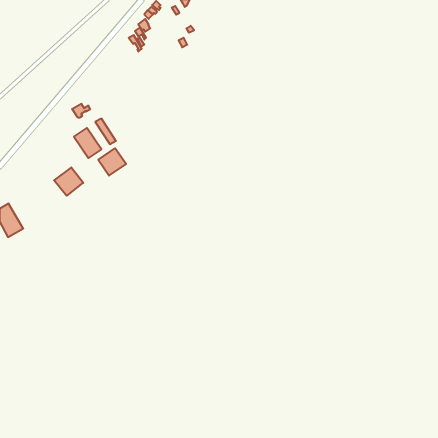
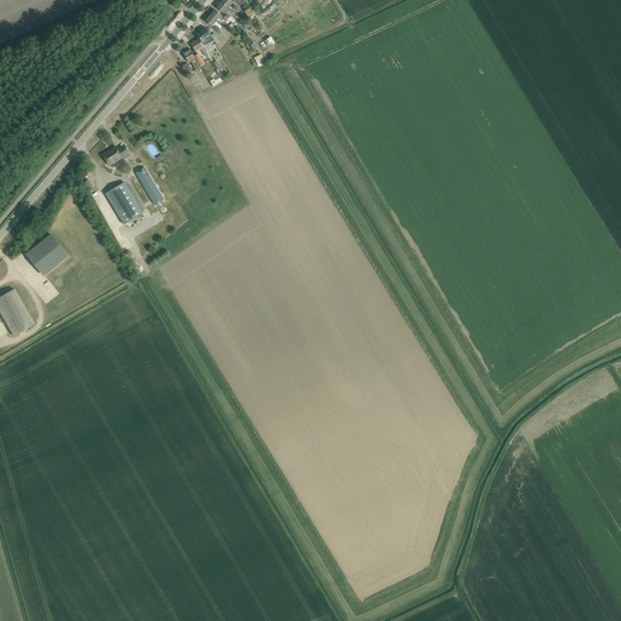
building: [98,148,126,176] -> none
building: [54,167,83,196] -> [25,234,67,274]

